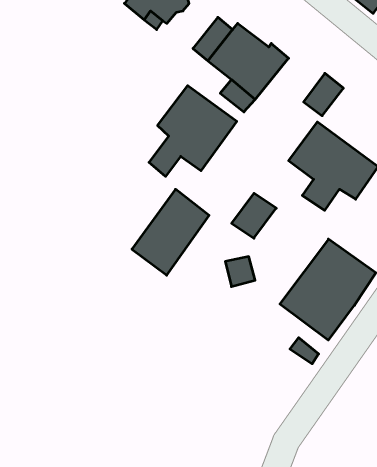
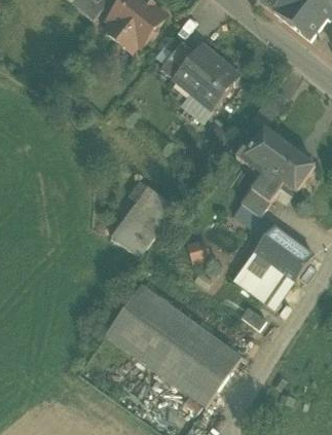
building: [149,86,237,176] -> none
building: [232,193,276,238] -> [232,188,269,225]
building: none -> [105,284,241,405]

